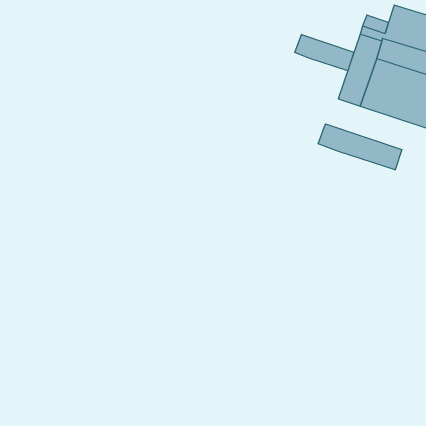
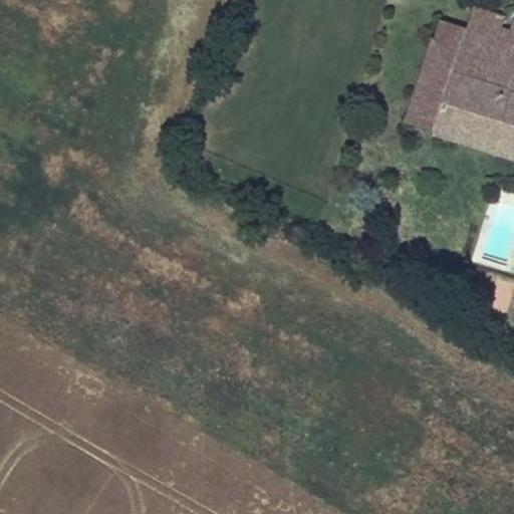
building: [295,34,354,71] -> none
building: [318,124,402,170] -> none

